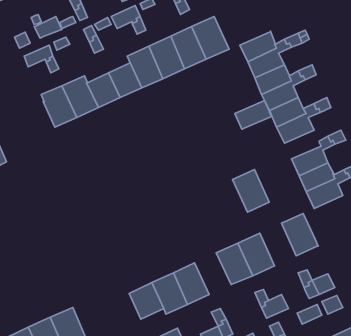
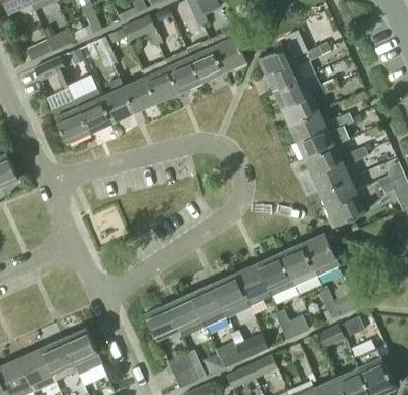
building: [235,101,272,129] -> [305,146,343,176]
building: [233,169,269,212] -> [279,242,317,286]
building: none -> [212,273,250,315]

